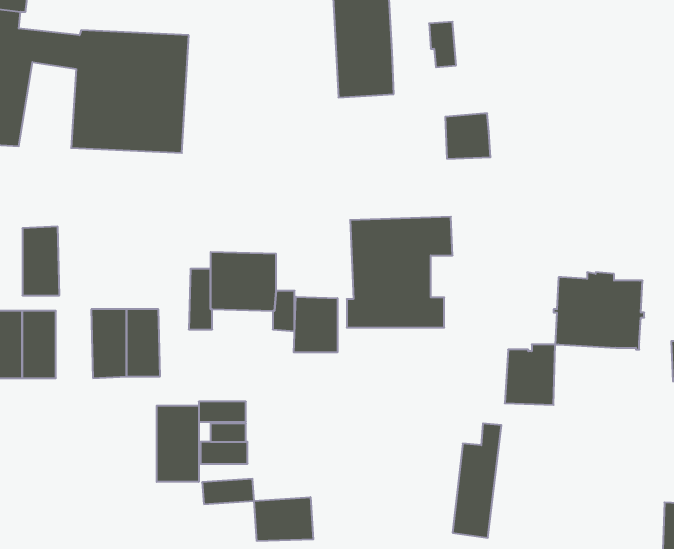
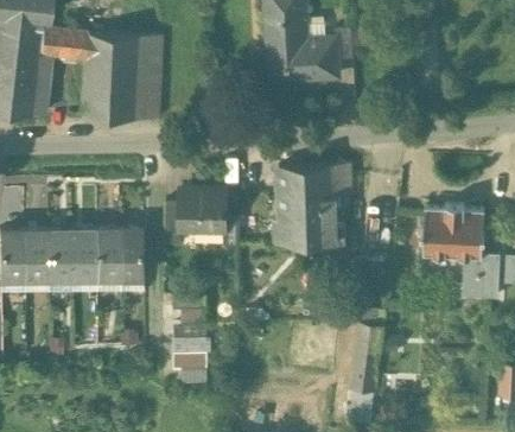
building: [445,113,491,159] -> [307,47,339,80]
building: [22,227,59,295] -> [70,231,96,280]
building: [294,297,337,352] -> none
building: [505,344,555,405] -> [463,255,498,298]
building: [157,406,199,482] -> none
building: [254,497,313,541] -> none

